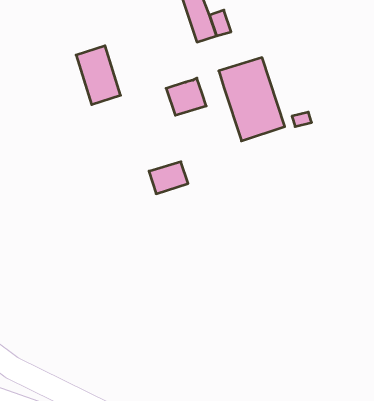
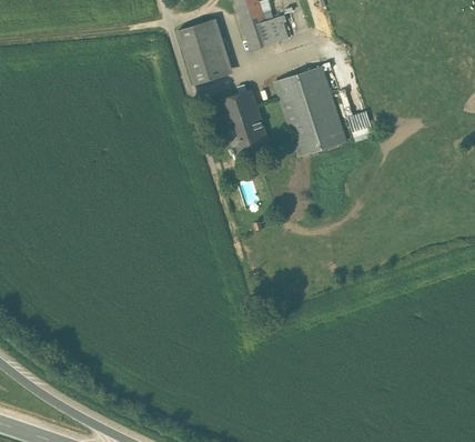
building: [76,46,121,105] -> [178,20,225,83]
building: [149,162,188,194] -> [226,118,269,152]

